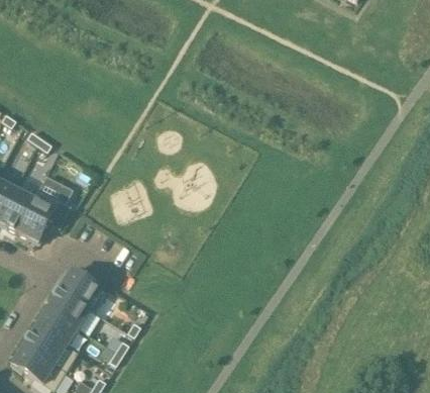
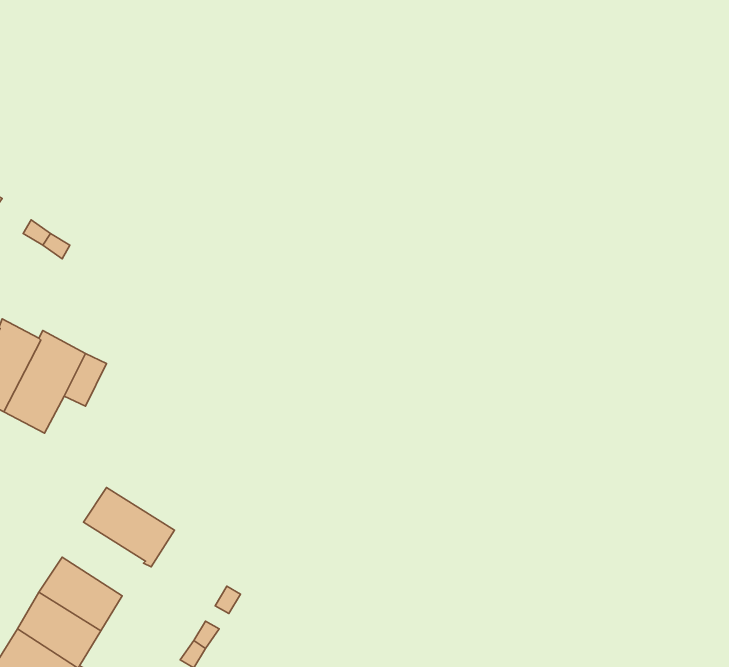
building: [46,286,90,324] -> none

